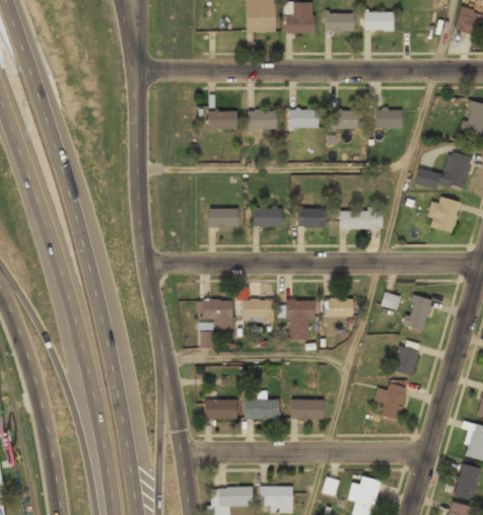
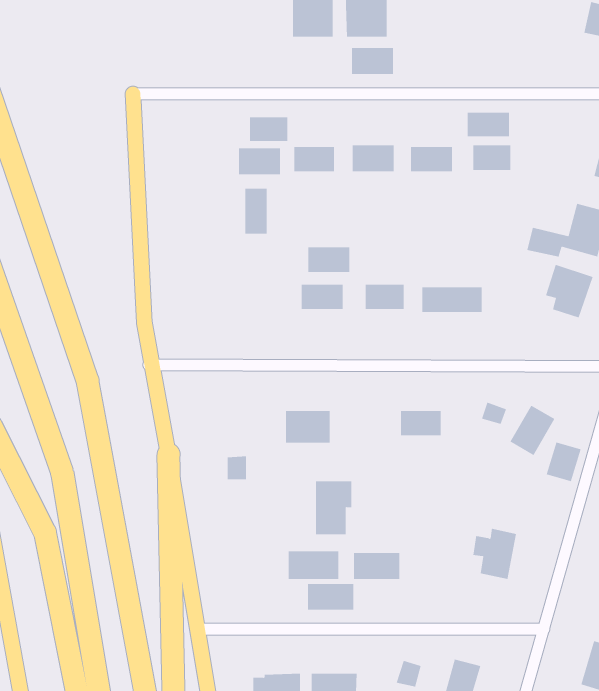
building: [364,11,394,30] -> none
building: [325,12,355,31] -> [351,47,394,74]
building: none -> [467,112,509,137]
building: none -> [250,117,288,142]
building: none -> [245,188,267,235]
building: [208,209,238,227] -> [308,247,350,272]
building: [197,299,233,329] -> none
building: [288,300,315,339] -> [315,481,352,535]
building: [394,347,419,375] -> [546,442,581,482]
building: [204,400,237,420] -> [307,583,354,610]

